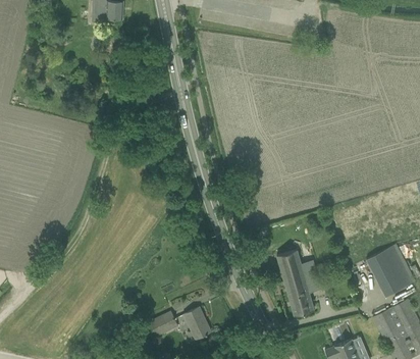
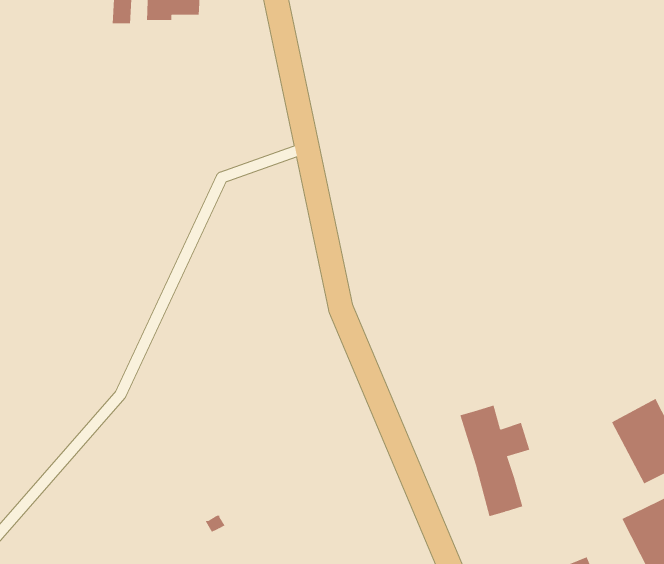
building: [183,307,211,338] -> none
building: [151,310,178,335] -> none

